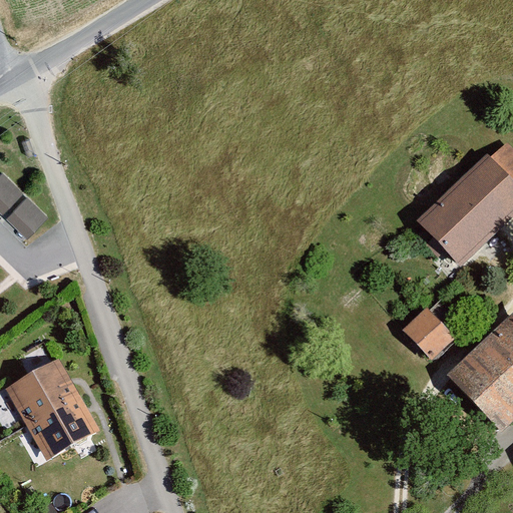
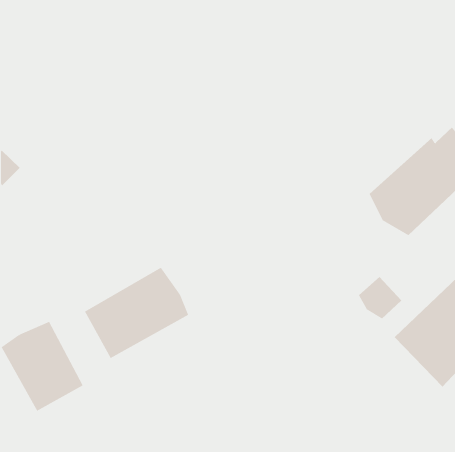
building: [11,192,52,232] -> none
building: none -> [84,267,189,359]

